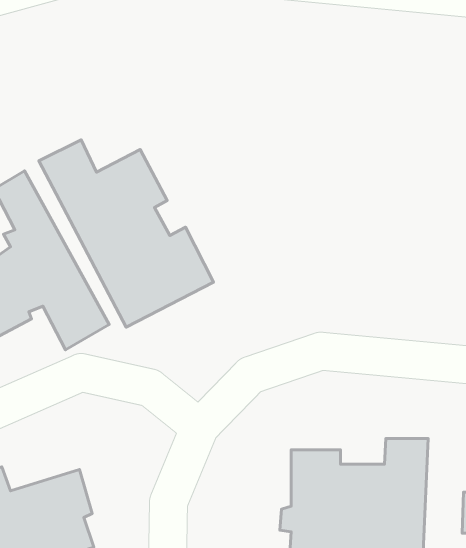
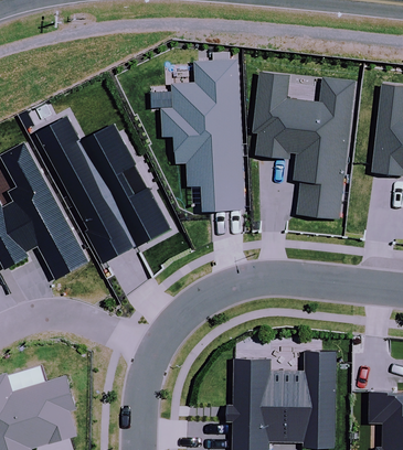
building: none -> [161,60,245,210]
building: none -> [253,72,354,218]

